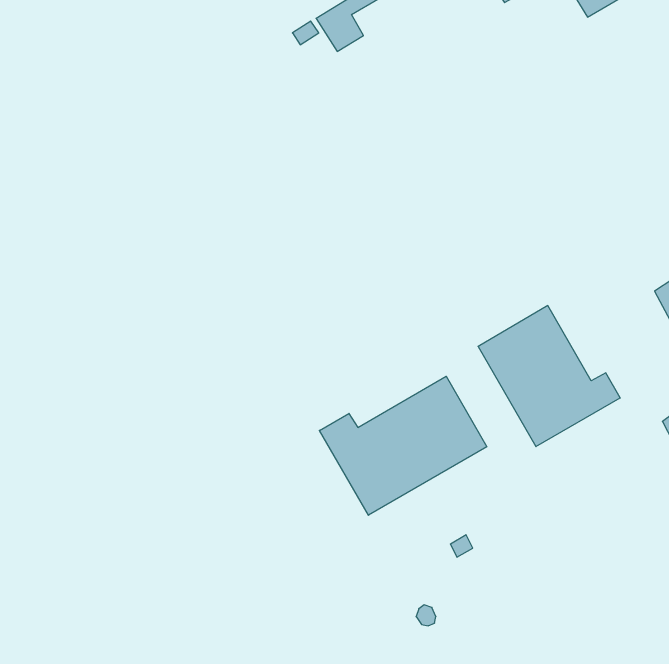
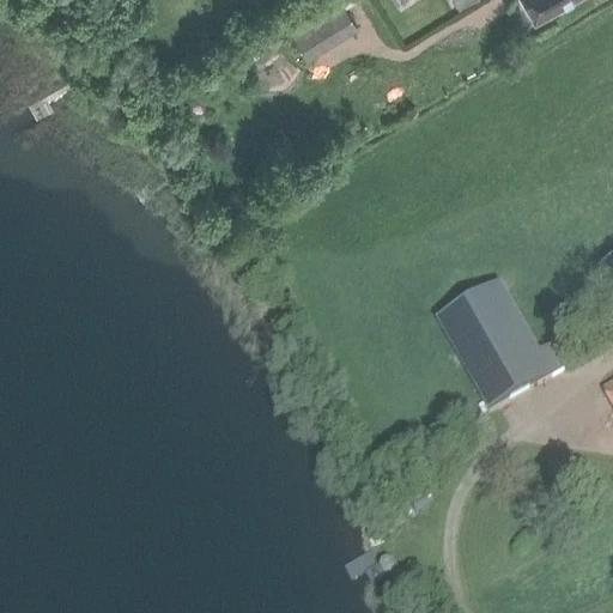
building: [319,376,487,515] -> none

